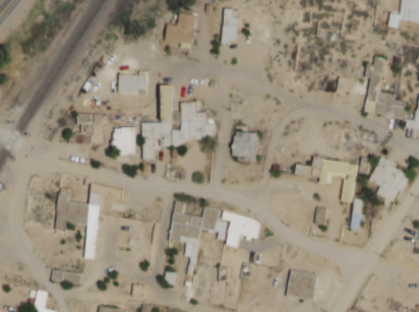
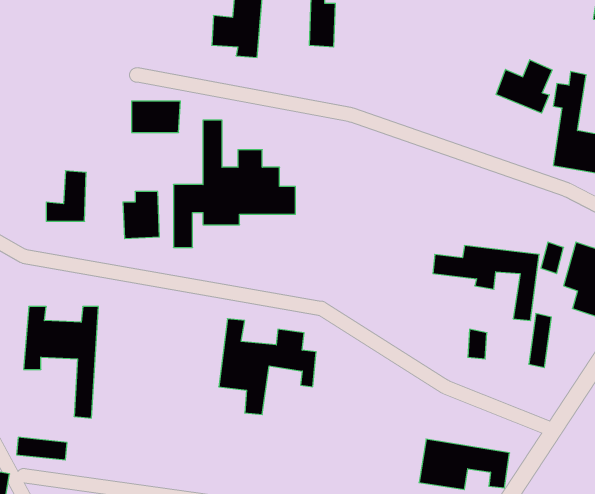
building: none -> [496,60,552,113]
building: [233,132,258,160] -> none
building: [222,212,260,247] -> none

